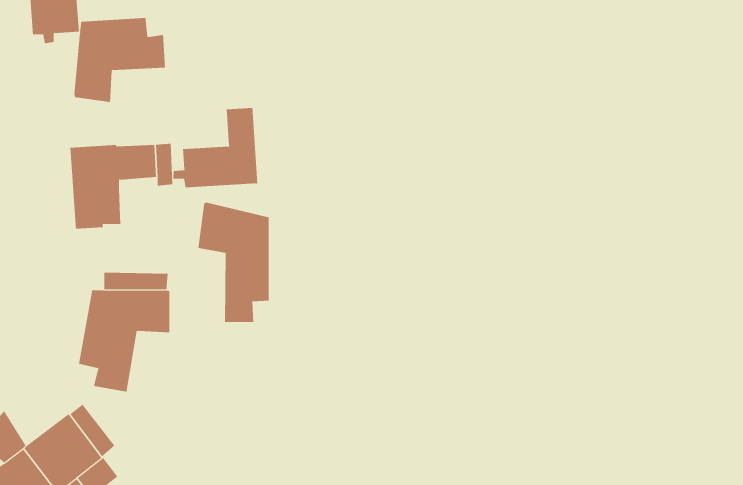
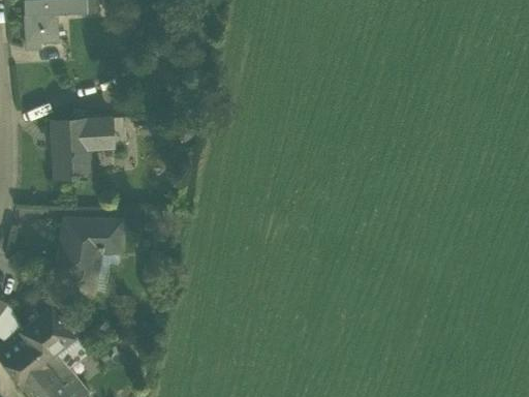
building: [74,17,166,103] -> none
building: [173,107,258,188] -> none
building: [198,202,269,323] -> none

